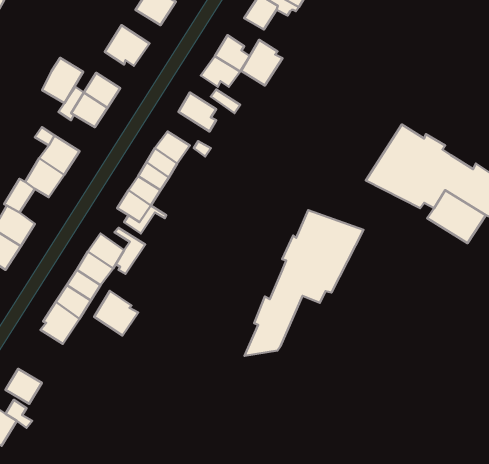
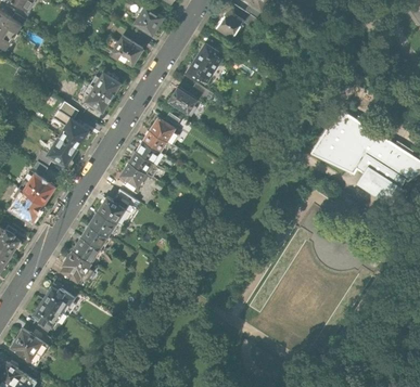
building: [241,40,283,86] -> none
building: [42,58,83,103] -> none
building: [245,210,364,356] -> none
building: [94,291,138,335] -> none
building: none -> [42,285,74,312]

